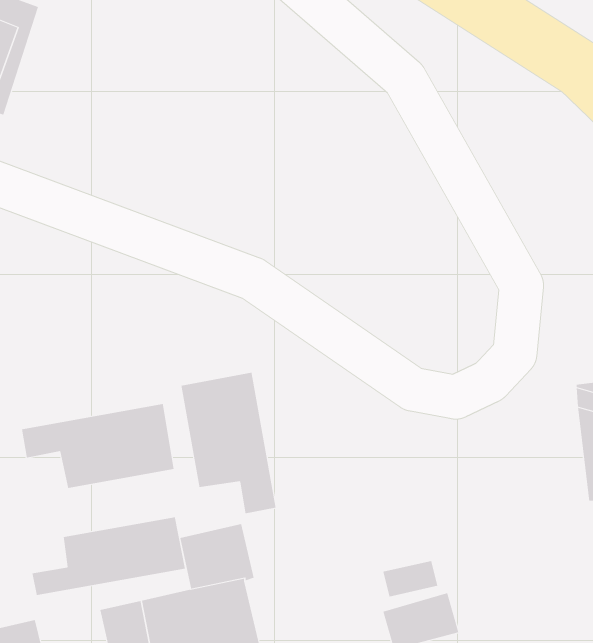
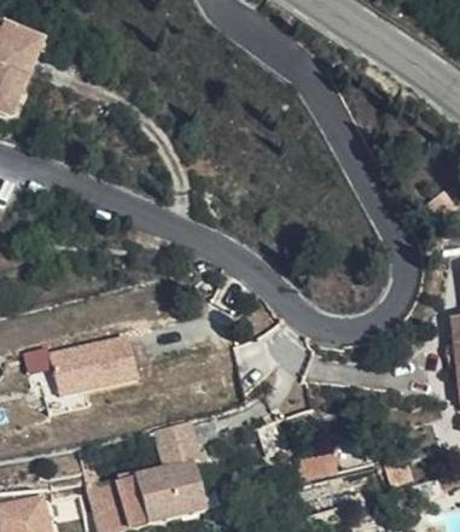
building: [181,372,276,514] -> none
building: [32,516,185,596] -> none

